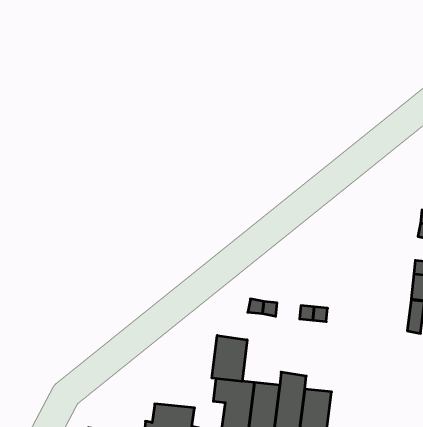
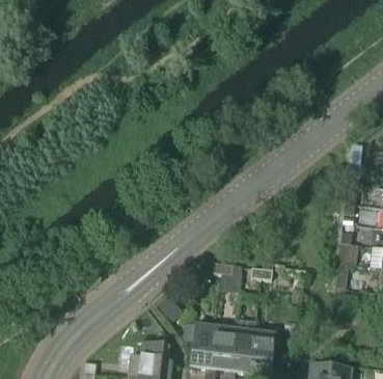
building: [212,335,247,381] -> none

